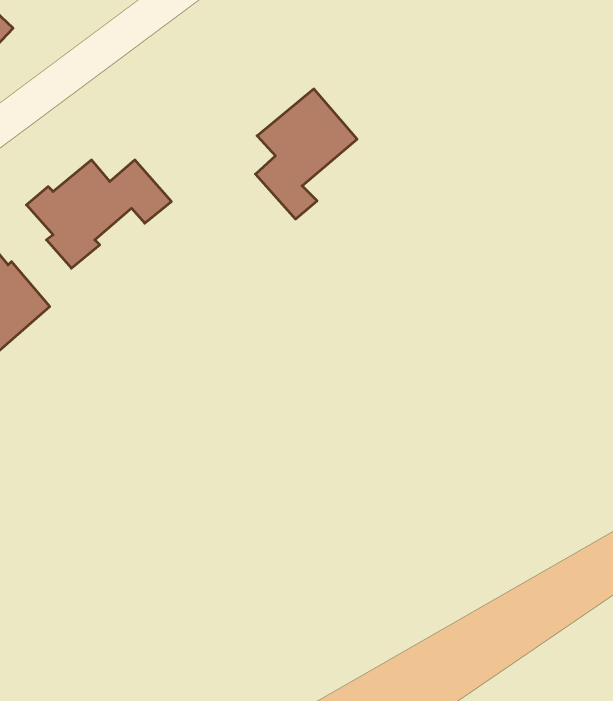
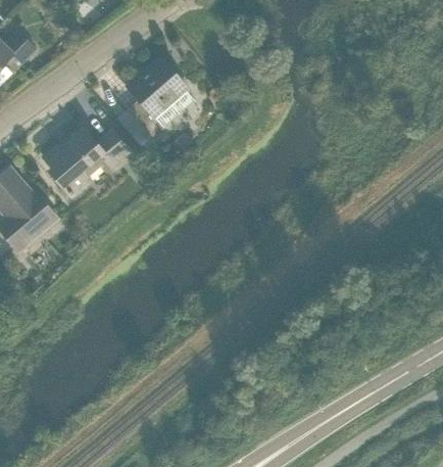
building: [255,89,357,219] -> [126,57,188,137]

